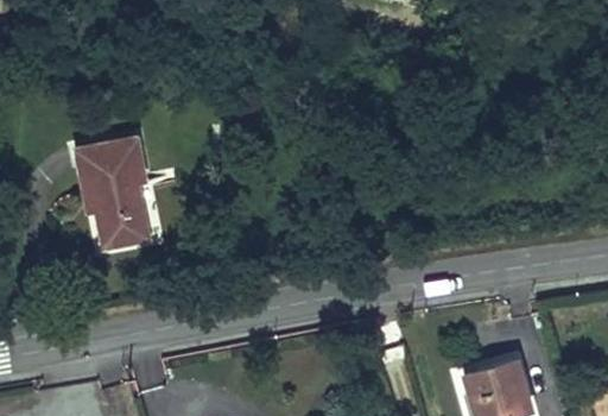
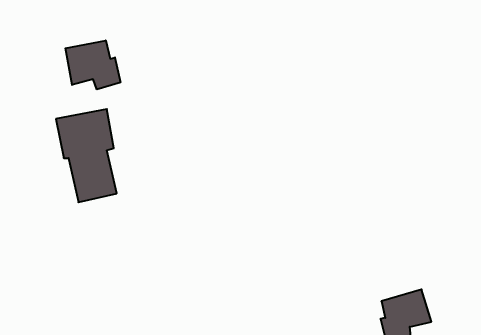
building: none -> [65,40,120,89]

